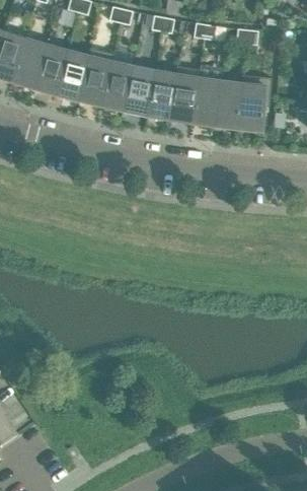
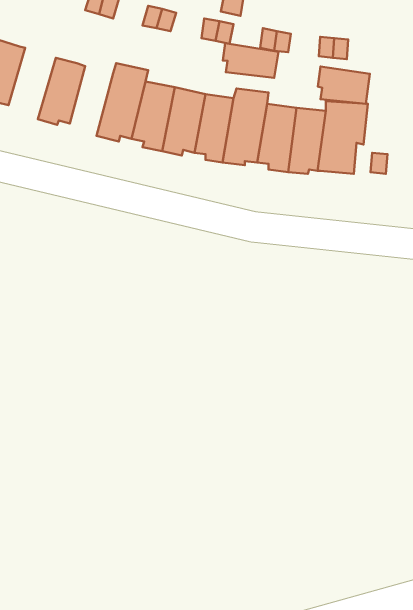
building: none -> [223,43,279,78]
building: [10,37,45,88] -> none
building: [55,50,86,100] -> none
building: none -> [318,67,370,104]

